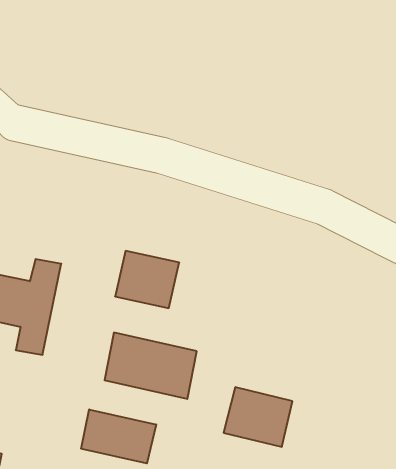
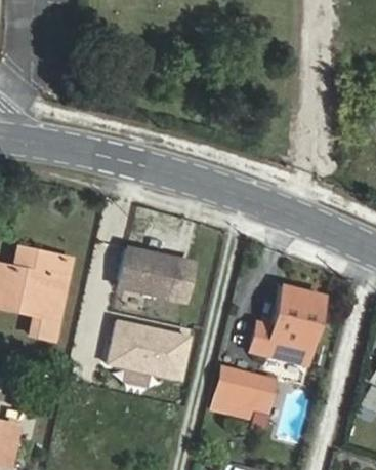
building: none -> [252,285,325,363]
building: [81,409,156,463] -> none

